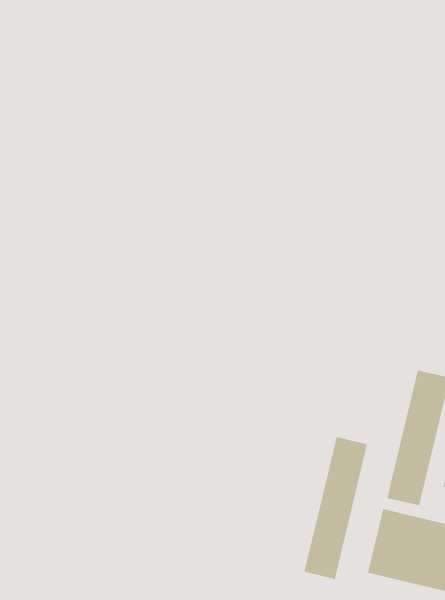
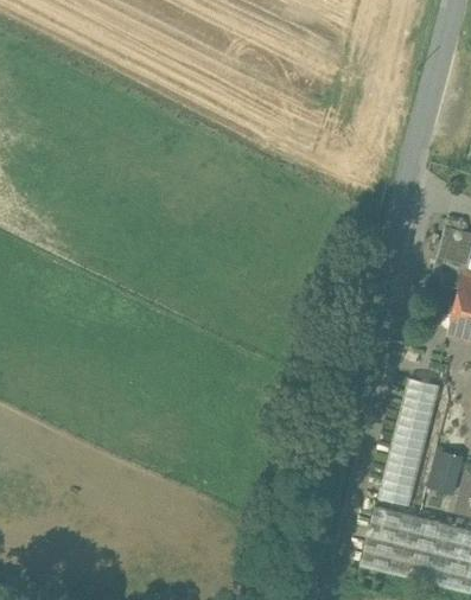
building: [304,436,368,580] -> none

